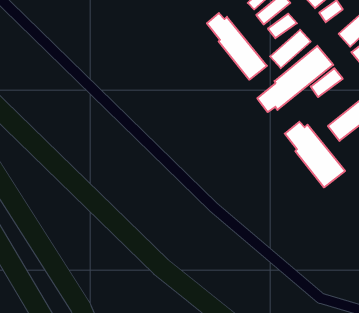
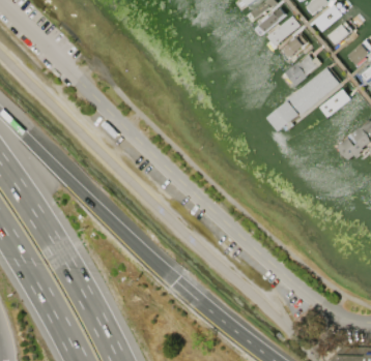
building: [207,13,267,80] -> none
building: [285,122,345,187] -> none

